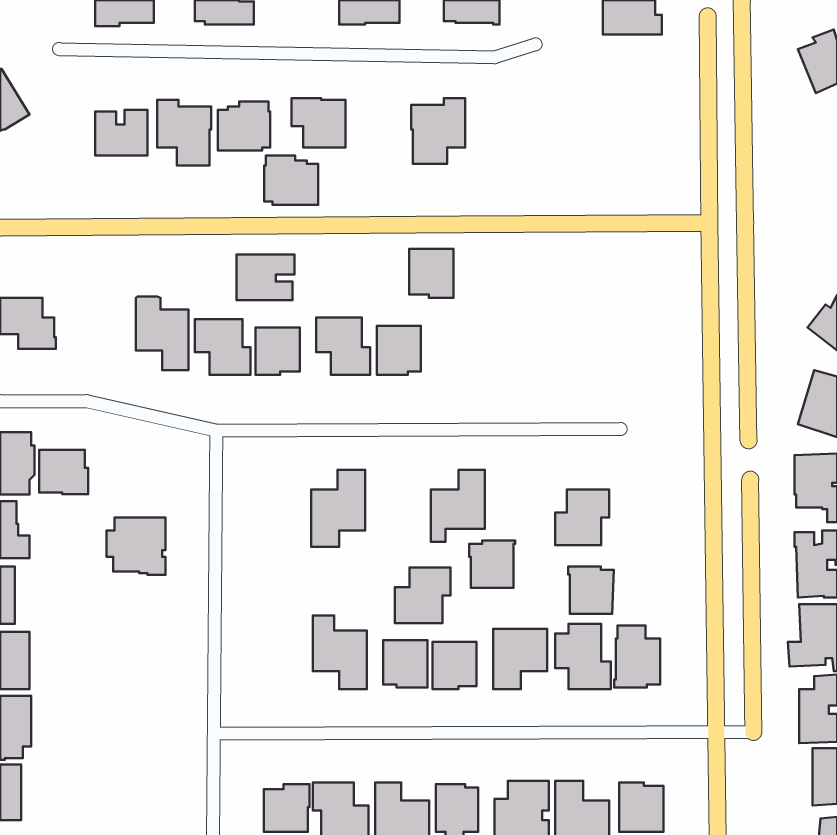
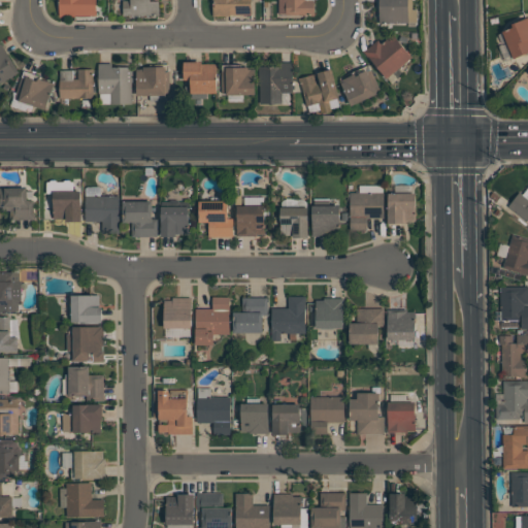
building: none -> [364,35,412,79]
building: none -> [340,66,381,106]
building: none -> [299,70,339,114]
building: none -> [14,71,54,111]
building: [264,156,318,205] -> [222,65,256,96]
building: [409,249,453,298] -> [280,207,308,238]
building: [237,254,294,300] -> none
building: none -> [46,180,81,223]
building: none -> [351,186,384,231]
building: none -> [388,194,416,225]
building: none -> [312,206,340,237]
building: [39,450,88,494] -> [71,296,102,324]
building: none -> [164,298,192,329]
building: [469,540,515,588] -> [316,299,344,329]
building: [568,566,614,614] -> [387,310,416,340]
building: [395,568,451,623] -> [233,298,268,333]
building: none -> [69,367,104,398]
building: none -> [154,391,193,435]
building: none -> [63,405,103,433]
building: none -> [71,452,105,480]
building: none -> [67,484,104,518]

